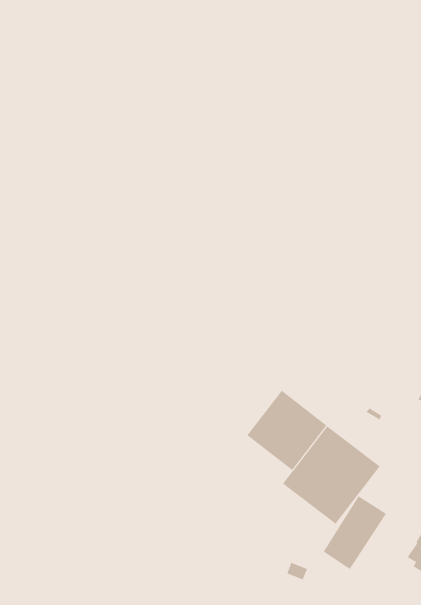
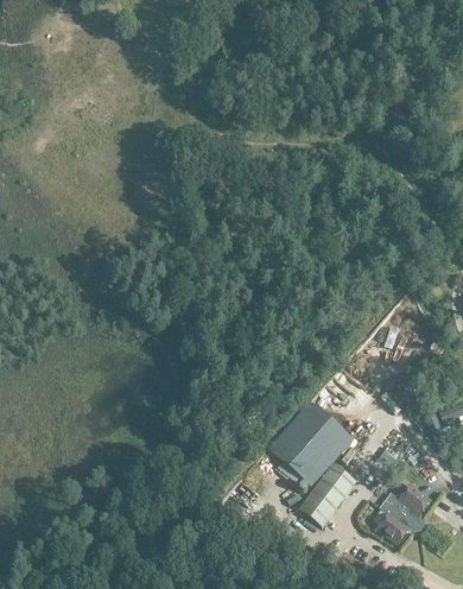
building: [247,390,327,471] -> none

